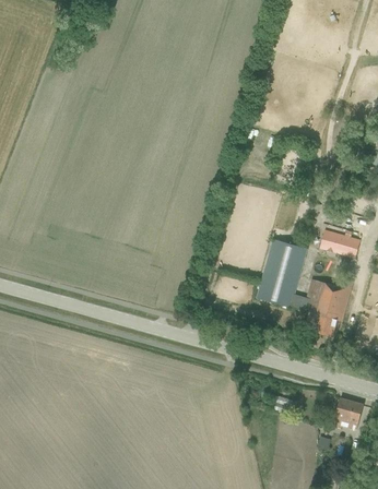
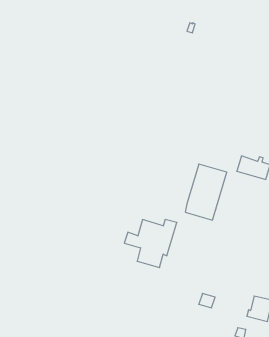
building: [291,278,354,336] -> [124,220,177,268]

